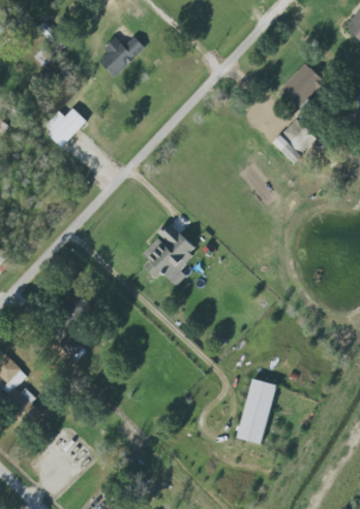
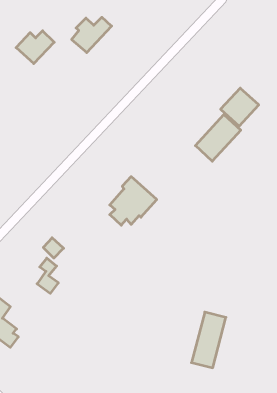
building: [278,61,325,108] -> none
building: [42,107,87,146] -> [16,31,54,64]
building: none -> [195,114,241,161]

